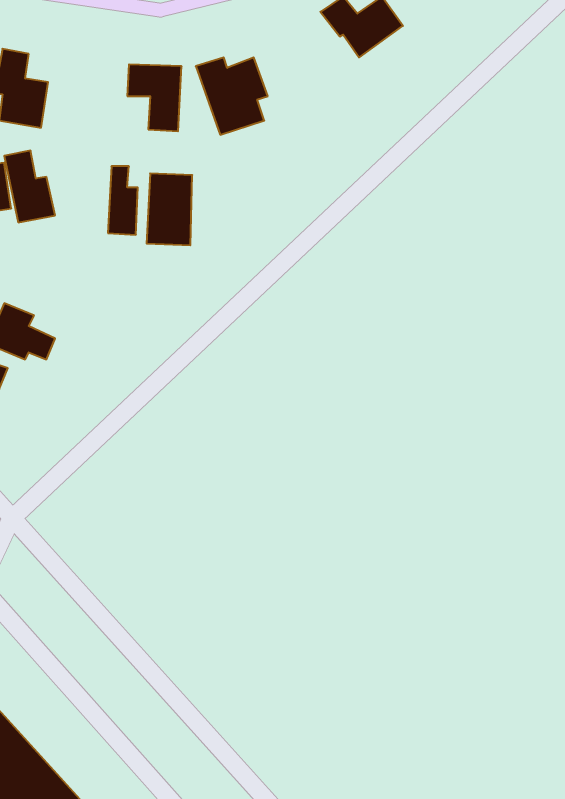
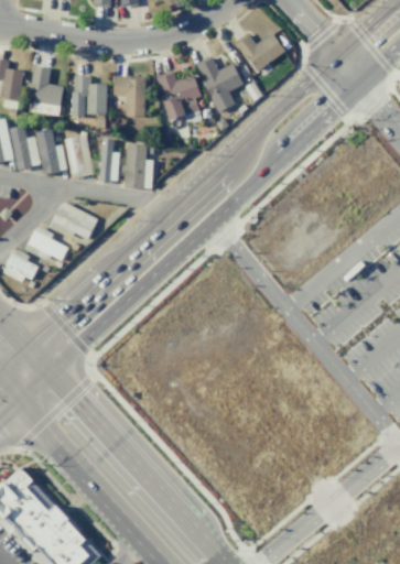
building: none -> [194,55,245,111]
building: none -> [71,76,107,117]
building: none -> [64,134,94,177]
building: none -> [48,200,98,239]

